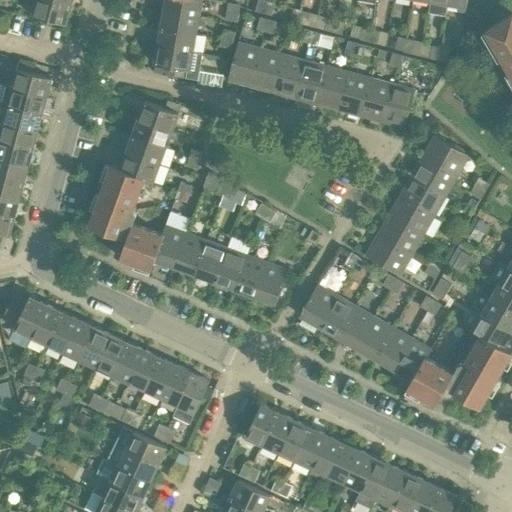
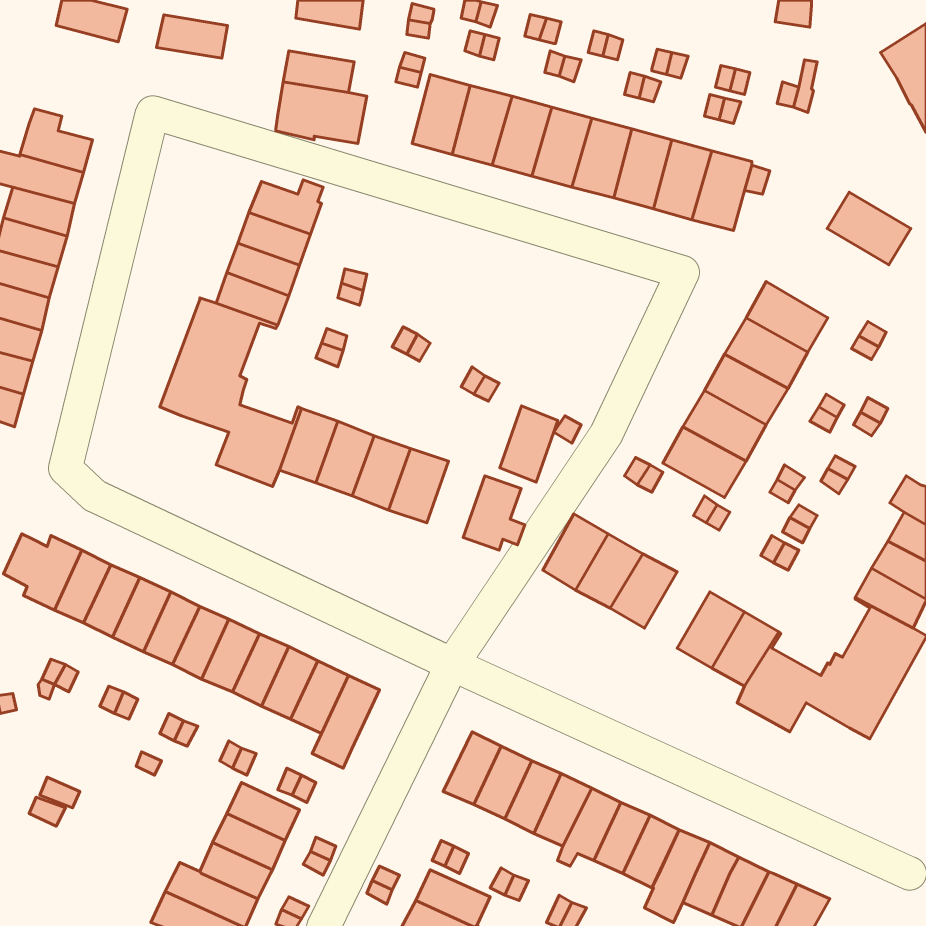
building: [159,11,198,35] -> [157,15,227,58]
building: [422,136,468,176] -> [827,192,911,265]
building: [235,255,267,297] -> [500,406,558,482]
building: [355,316,391,358] -> none

